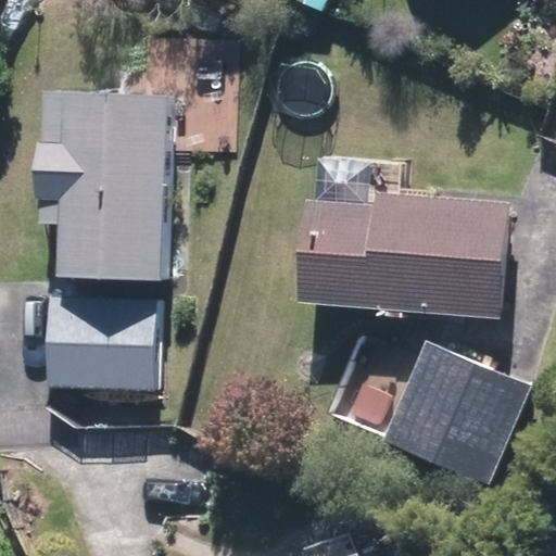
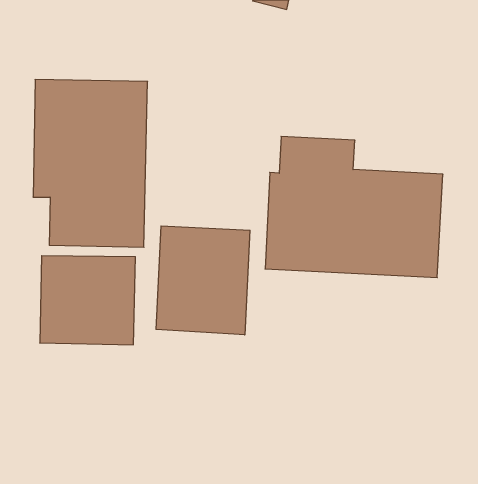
building: none -> [156,226,250,335]
building: [383,338,532,484] -> none

